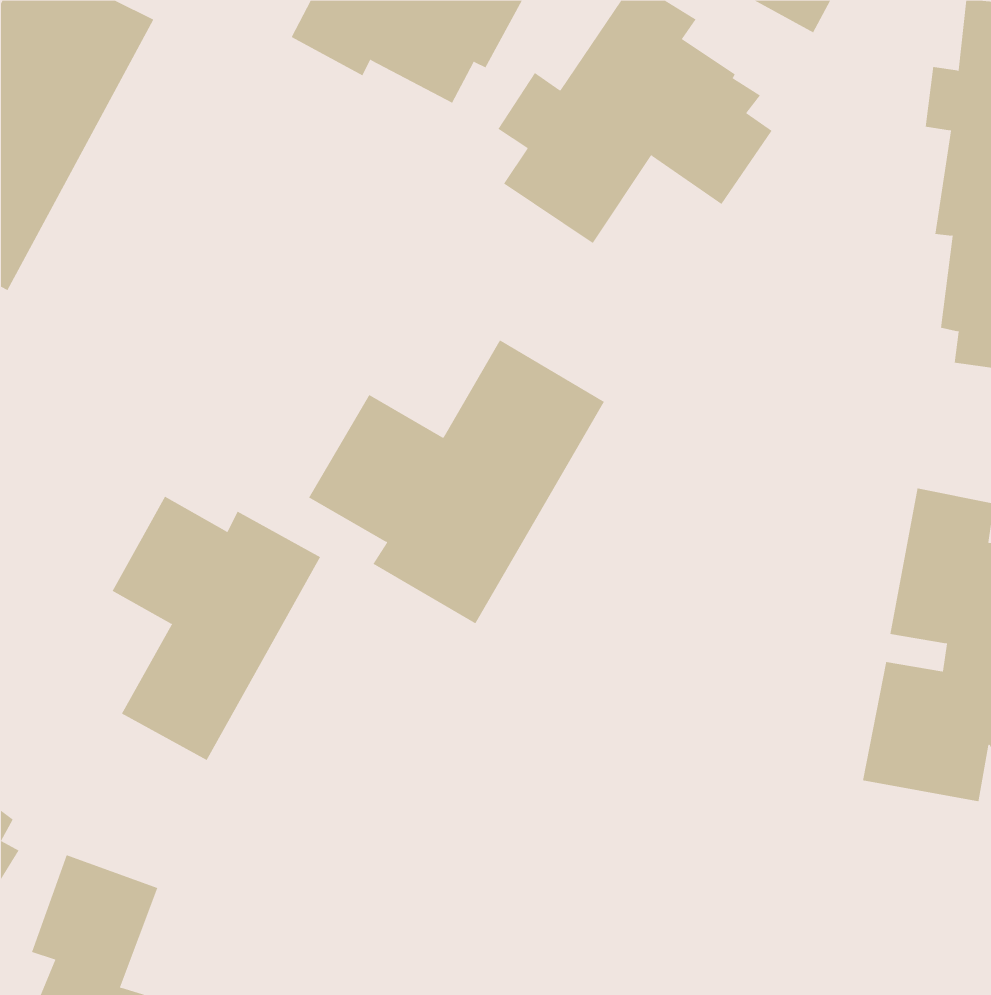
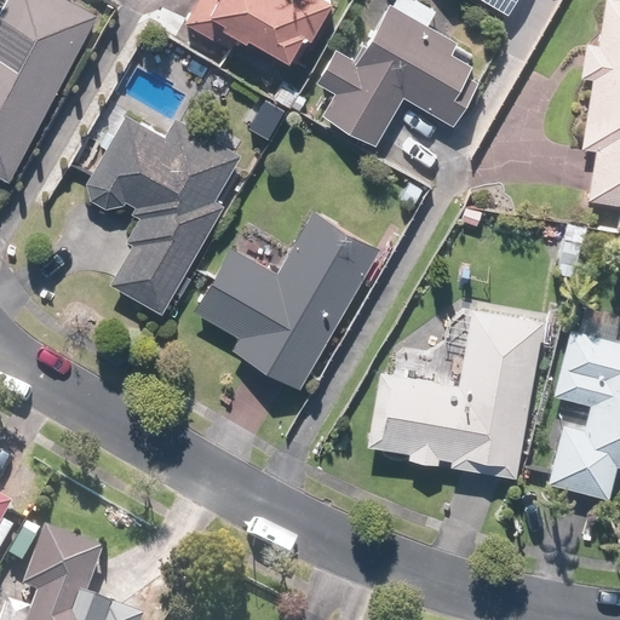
building: none -> [87,116,240,317]
building: [112,496,321,761] -> none
building: none -> [367,310,542,480]

